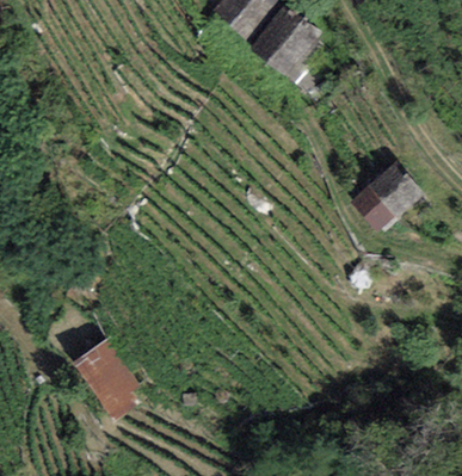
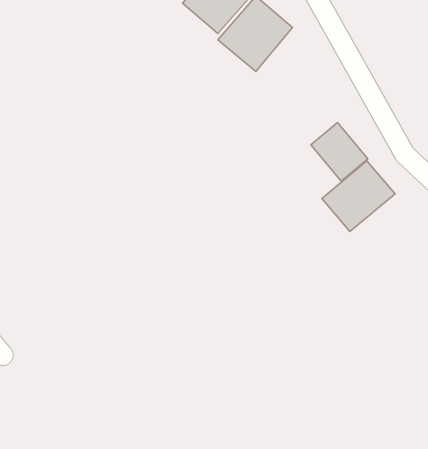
building: none -> [311,123,368,181]
building: [75,339,142,422] -> none

